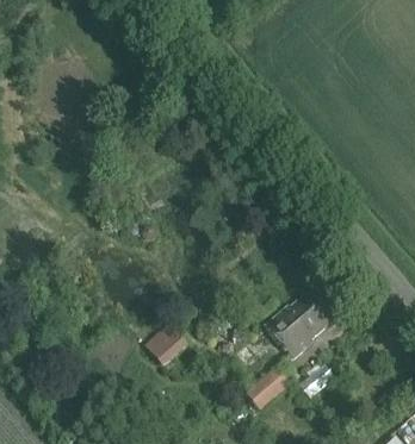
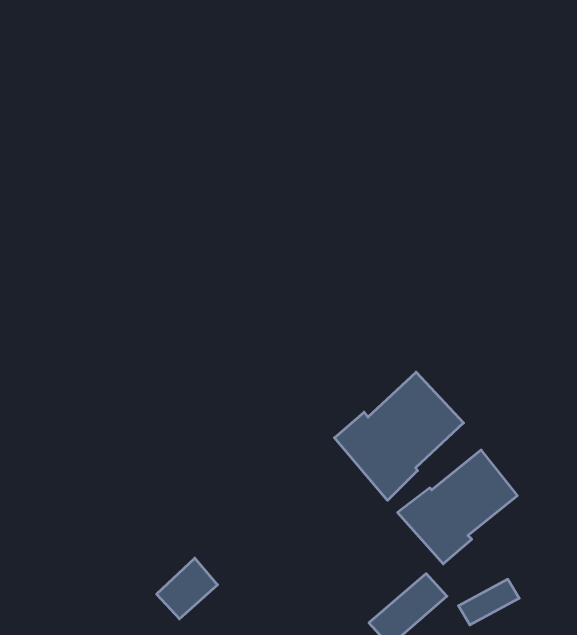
building: none -> [334,372,464,500]
building: [150,327,188,365] -> [157,558,218,619]

